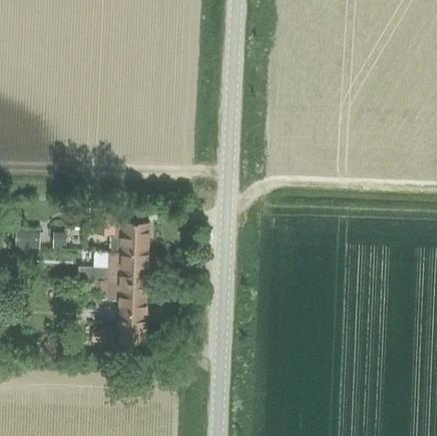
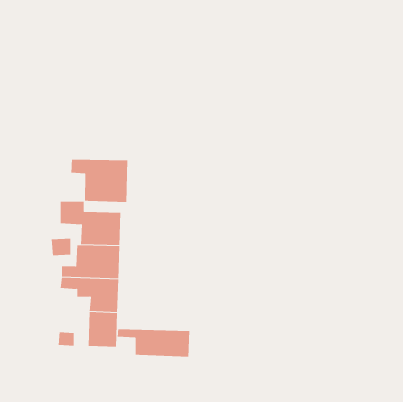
building: none -> [71,159,128,203]
building: none -> [117,328,190,357]

